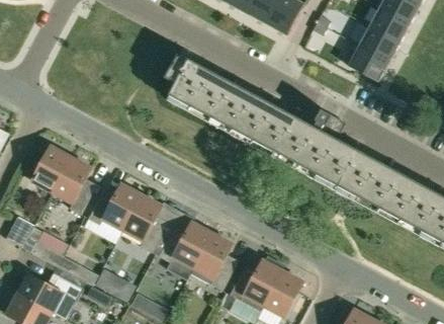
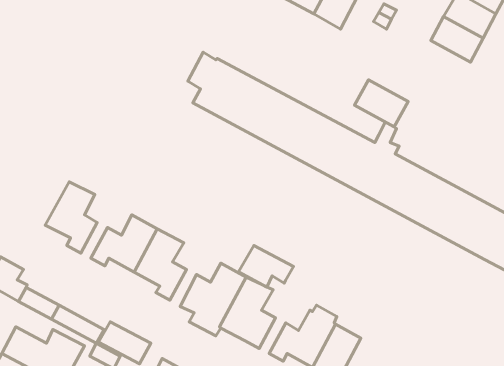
building: [347,45,389,82] -> [355,80,408,127]
building: [31,146,71,191] -> none
building: none -> [239,245,293,287]

